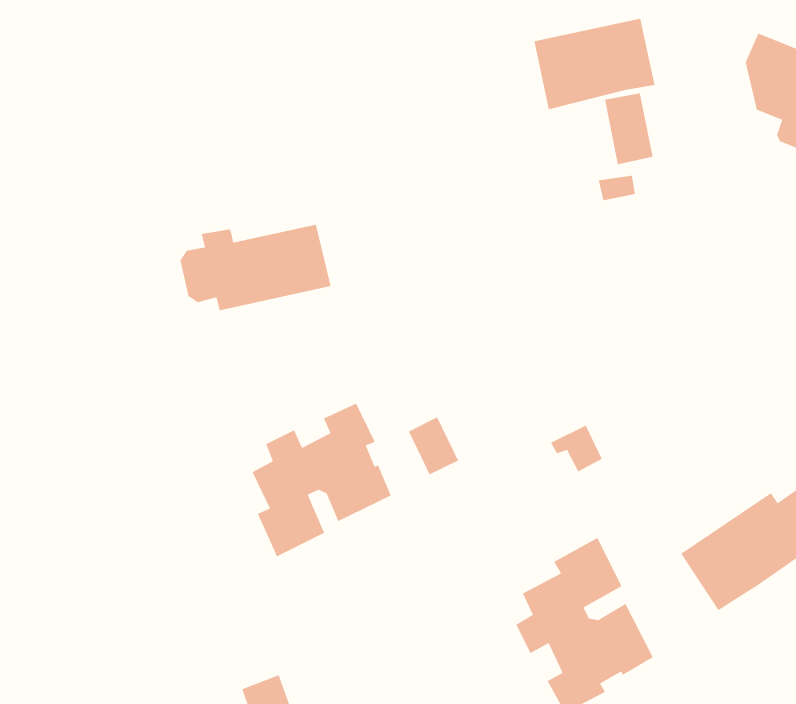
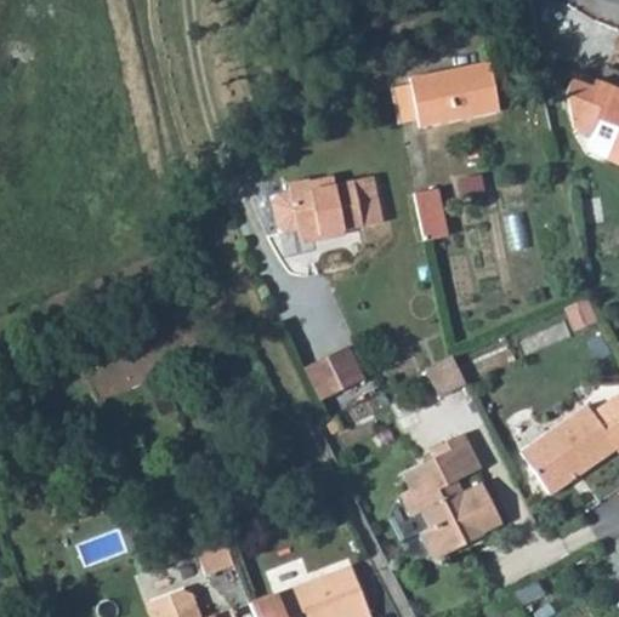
building: [604,93,654,165] -> [415,187,452,240]
building: [179,224,331,311] -> [271,175,382,239]
building: [251,403,392,557] -> none

